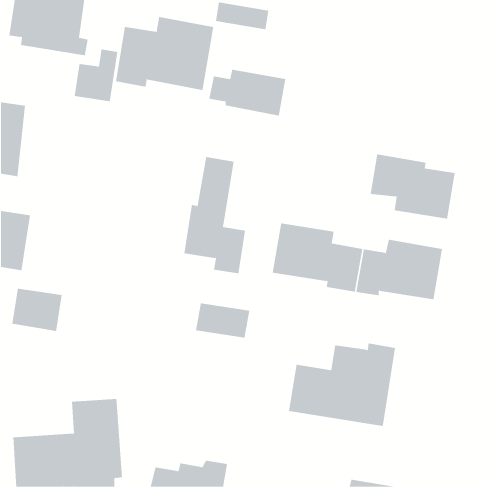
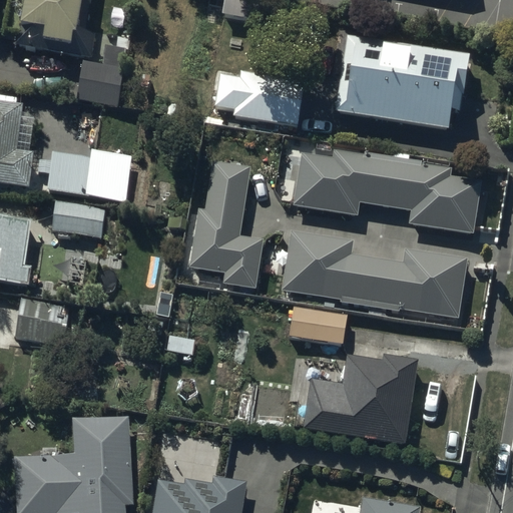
building: [115,16,214,91] -> none
building: none -> [335,34,471,132]
building: none -> [48,150,129,197]
building: none -> [295,151,394,211]
building: none -> [50,201,102,249]
building: [195,303,250,338] -> [289,307,346,344]

